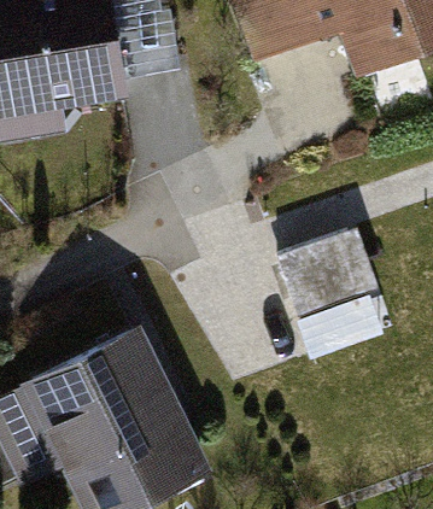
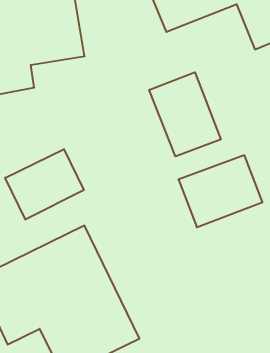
building: none -> [149,72,221,156]
building: none -> [5,149,84,220]

